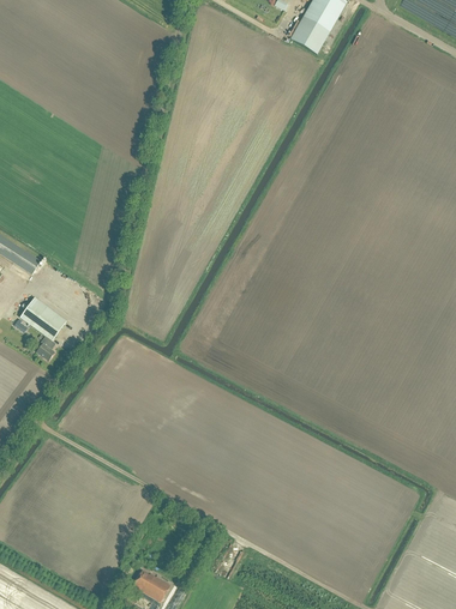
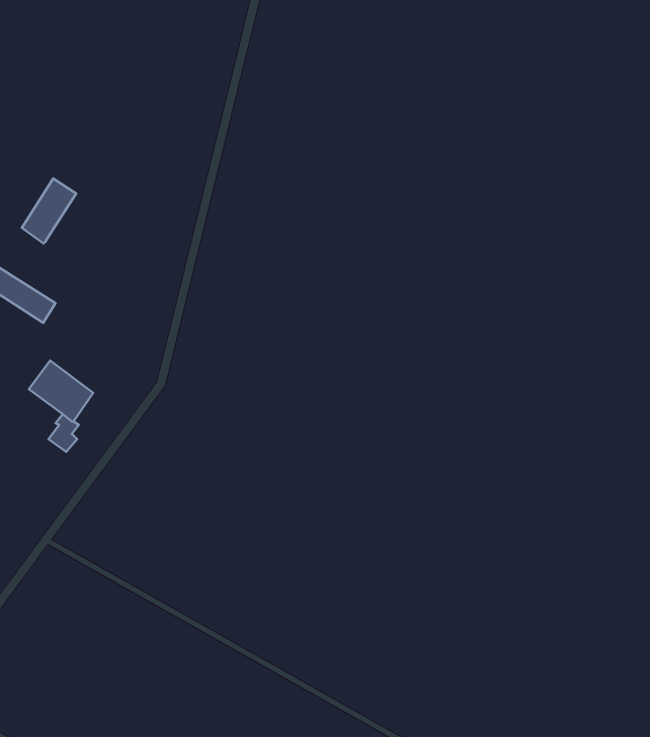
building: none -> [22,179,76,243]

